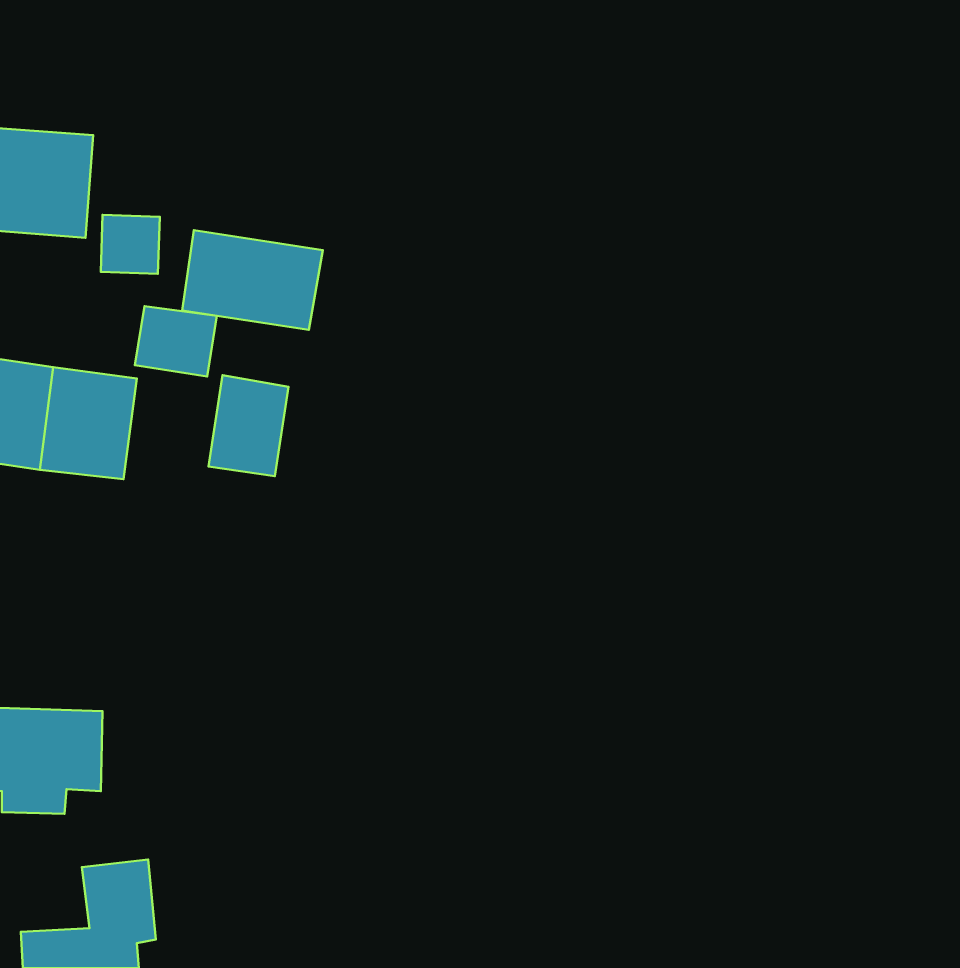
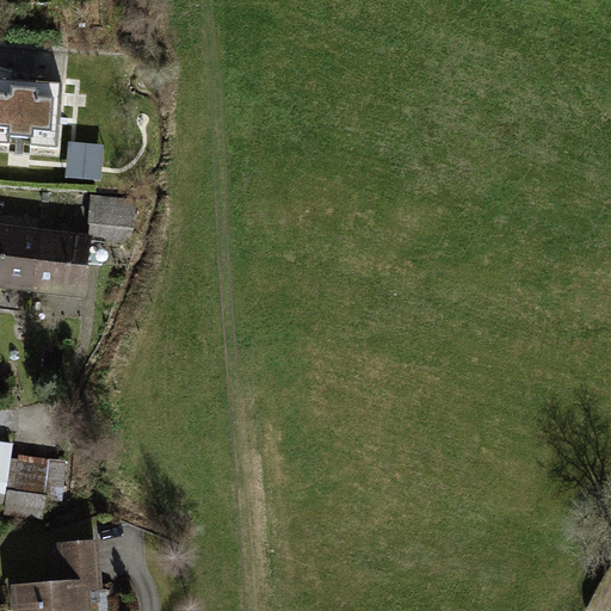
building: [182,230,323,330] -> none
building: [208,375,289,476] -> none

